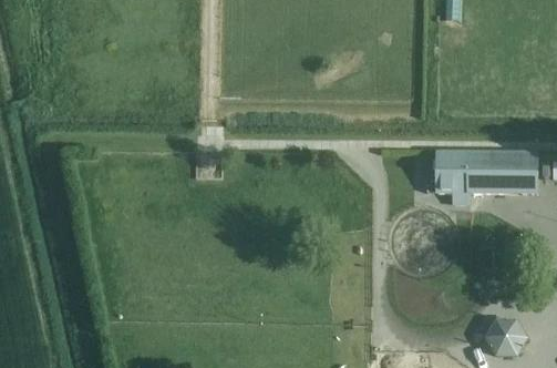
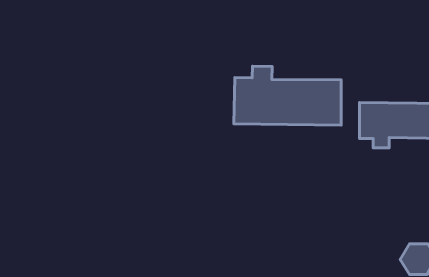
building: none -> [234,66,341,125]

